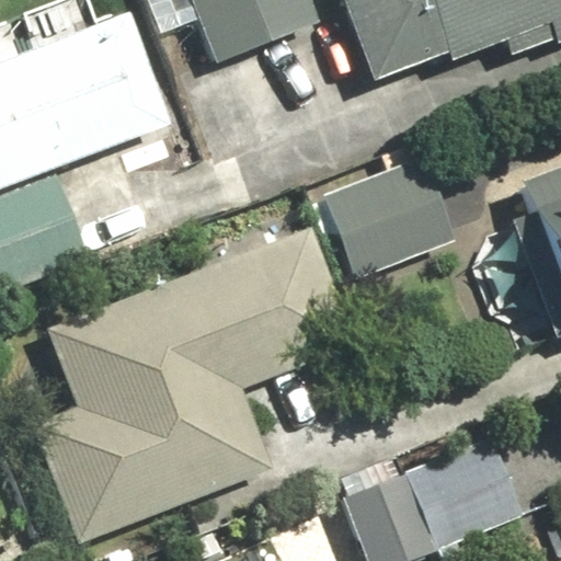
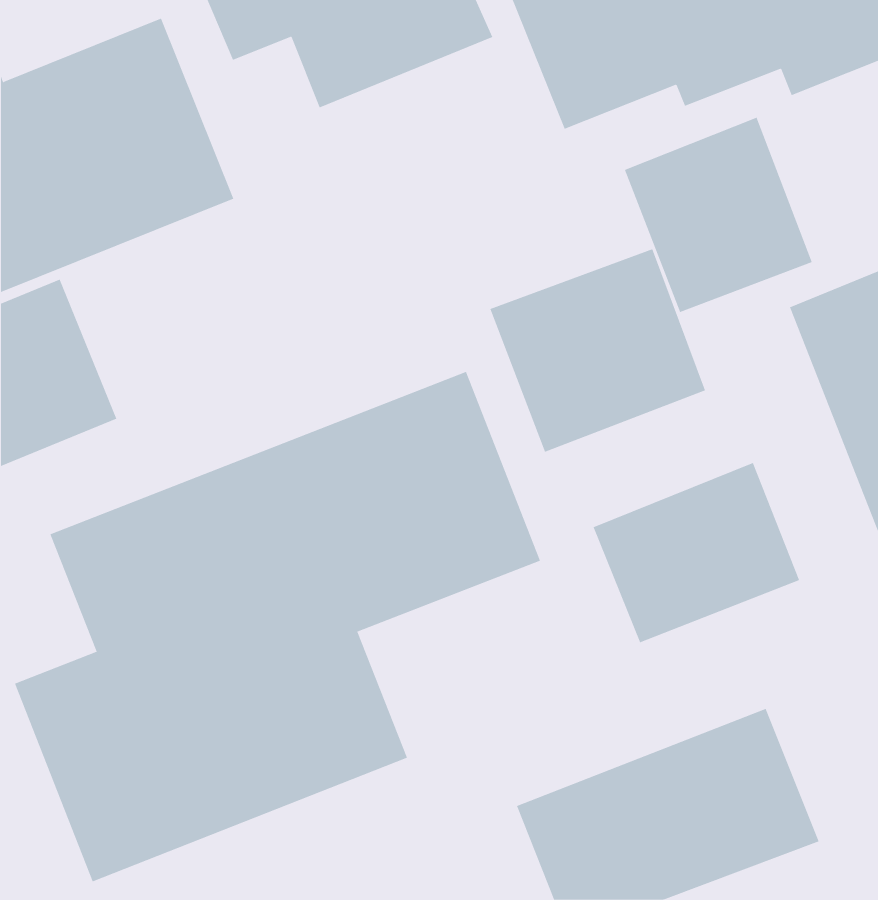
building: none -> [624,117,813,313]
building: none -> [593,462,800,643]

